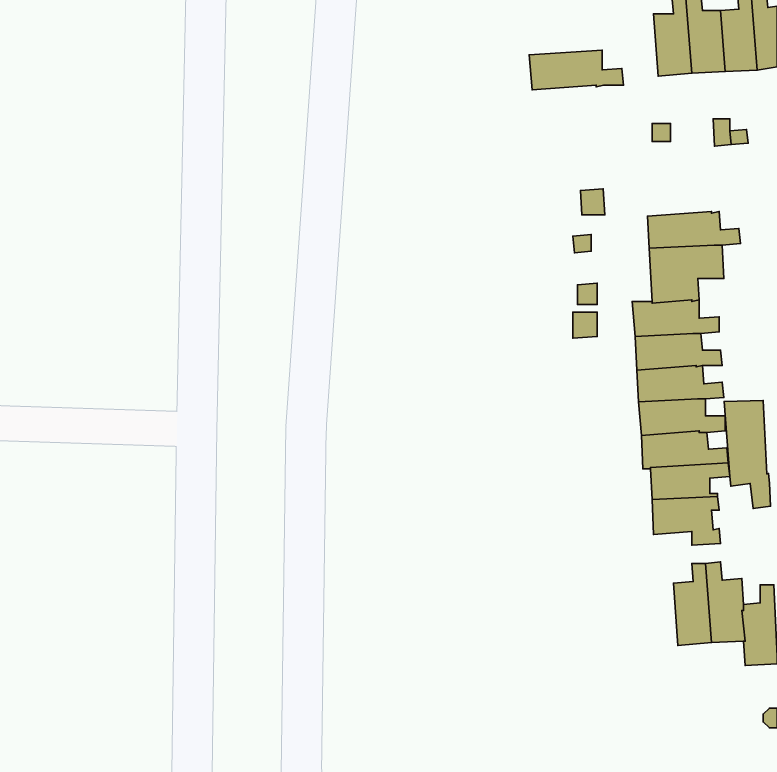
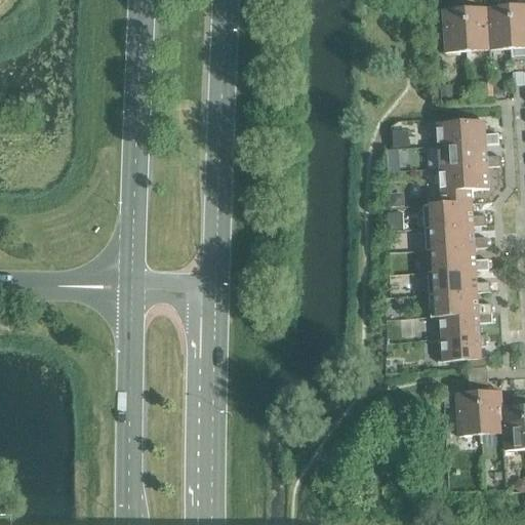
building: [529,50,623,90] -> [434,119,497,146]
building: [724,400,771,509] -> none

